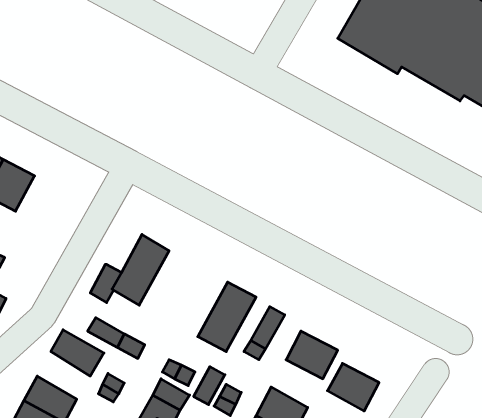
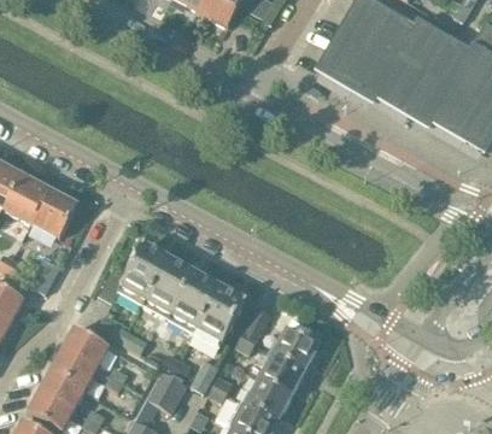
building: none -> [31,190,76,237]
building: none -> [141,257,219,333]
building: none -> [51,346,98,388]
building: [327,363,379,411] -> [258,353,304,395]

